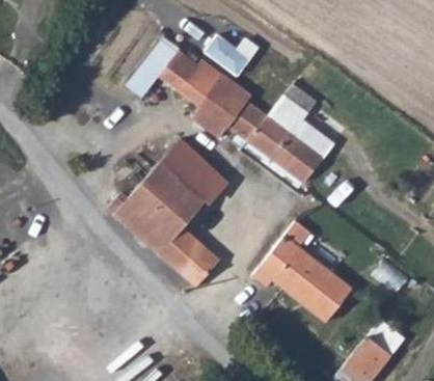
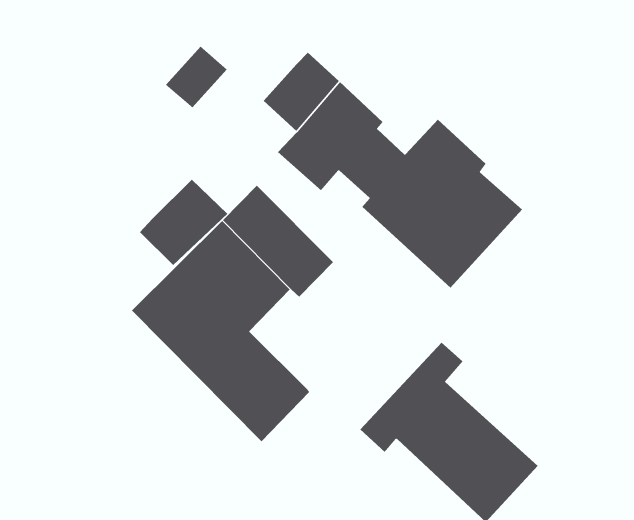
building: [205,36,259,78] -> none
building: [143,37,199,90] -> none
building: none -> [139,179,228,266]

